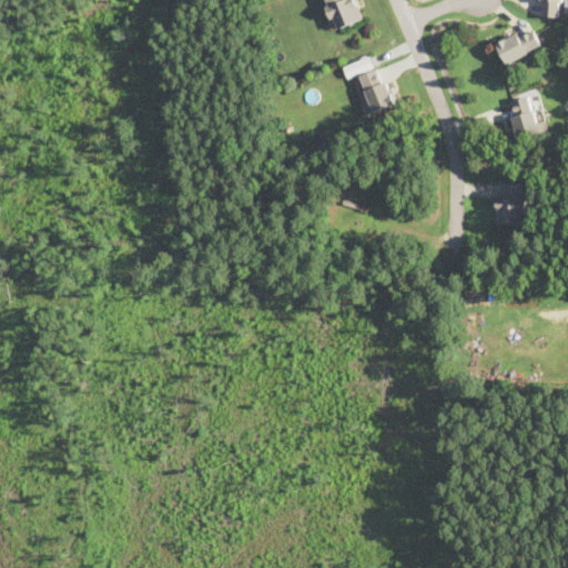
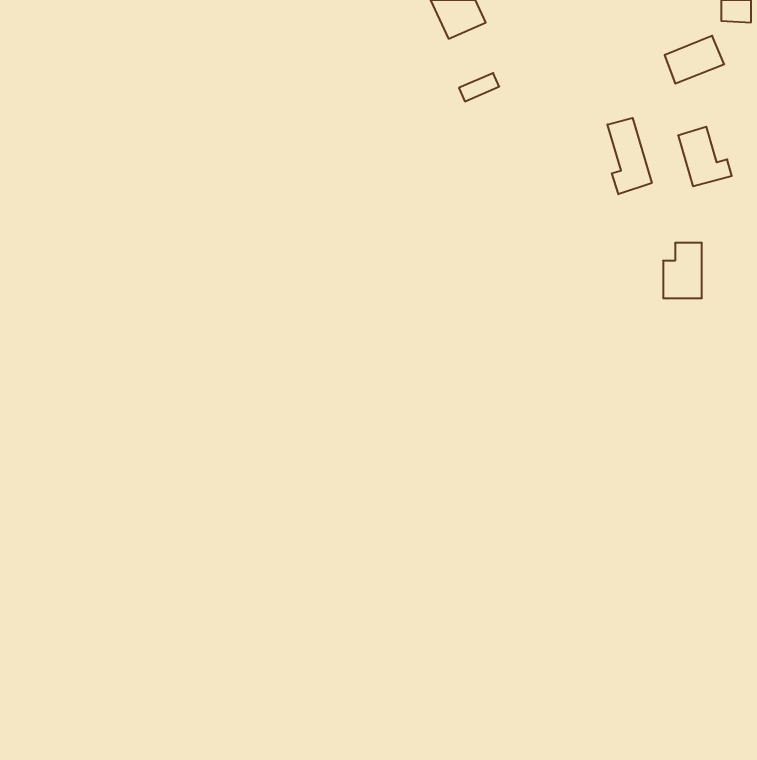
building: [356,67,394,113] -> none
building: none -> [607,118,652,194]

